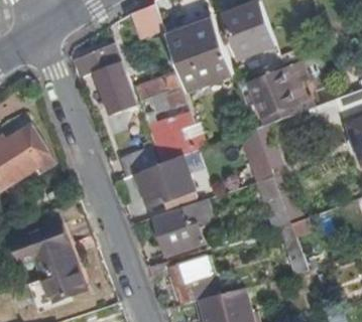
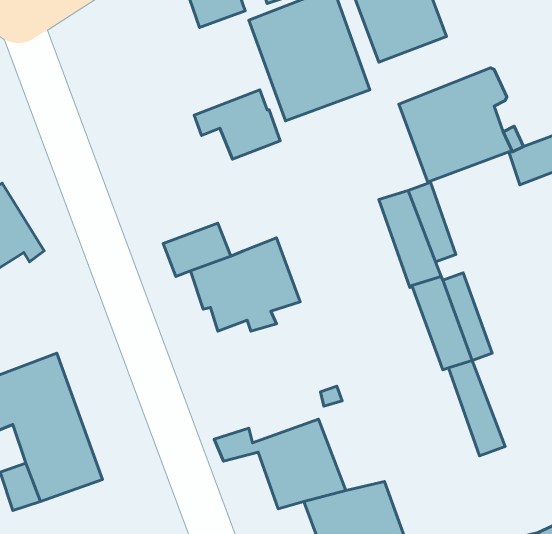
building: [73,43,137,115] -> none
building: [141,111,206,163] -> none
building: [151,200,210,256] -> none

